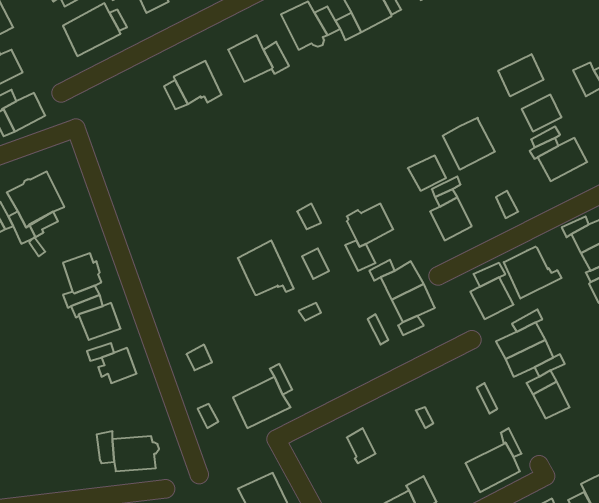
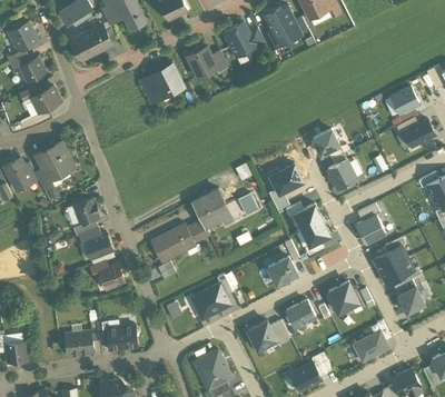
building: [498,54,543,96] -> none
building: [443,118,495,170] -> none
building: [504,247,562,299] -> none
building: none -> [150,220,209,262]
building: none -> [267,257,297,285]
building: none -> [327,282,357,312]
building: none -> [285,299,315,327]
building: none -> [247,320,276,353]
building: none -> [63,331,93,355]

